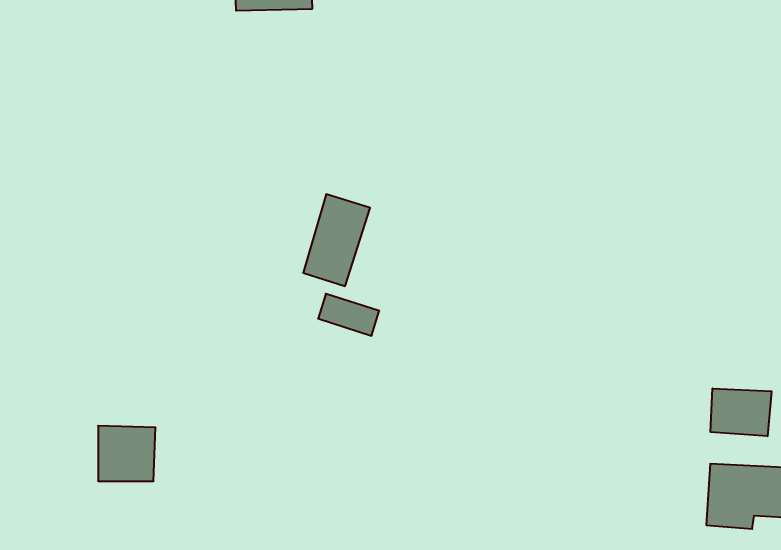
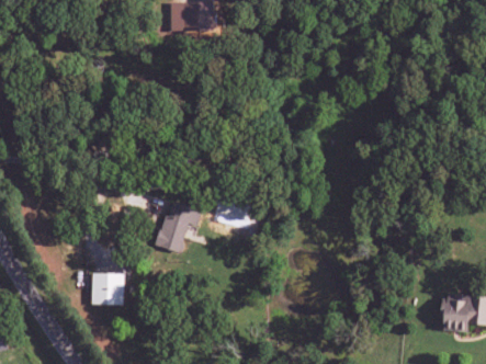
building: [303,194,370,286] -> [157,200,195,252]
building: [711,388,772,436] -> none

